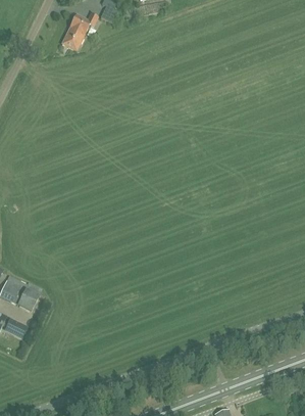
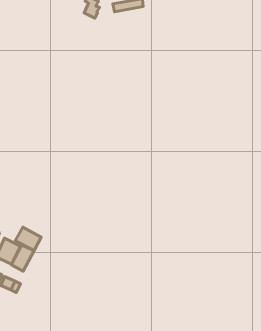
building: [60,13,96,50] -> none
building: none -> [15,227,41,251]

